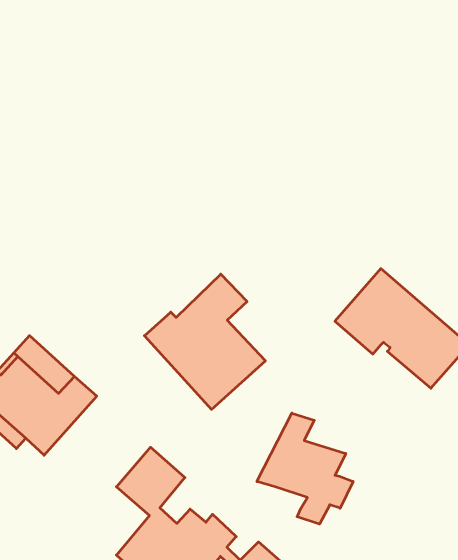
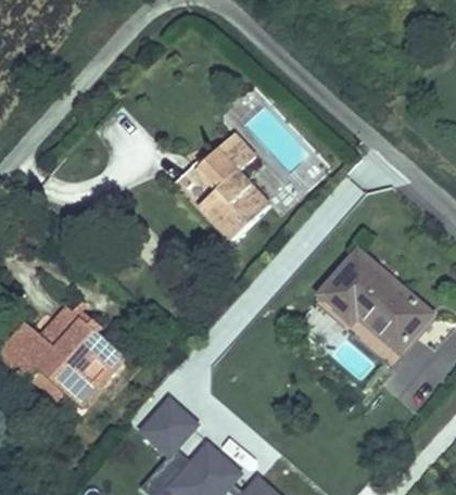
building: [144,274,265,409] -> [170,132,270,244]
building: [257,413,353,524] -> none

